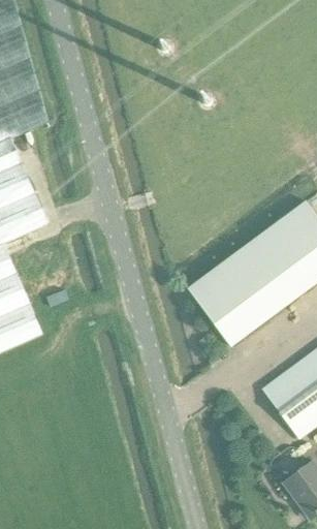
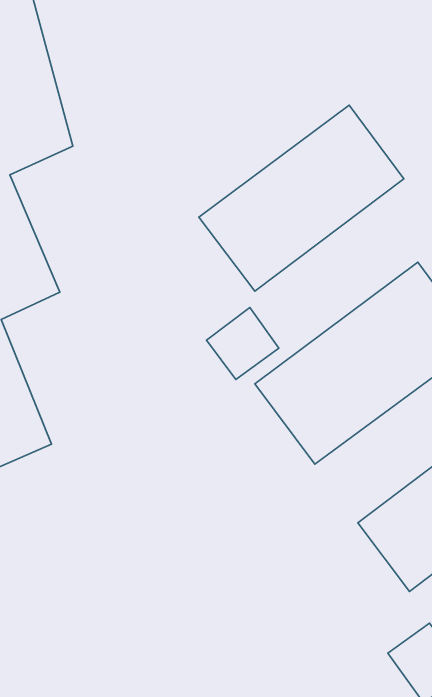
building: none -> [199,105,404,291]
building: none -> [207,307,279,380]

